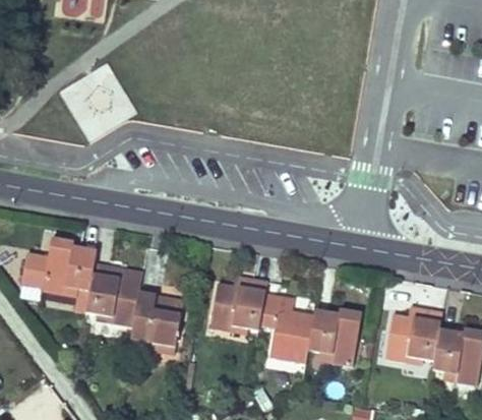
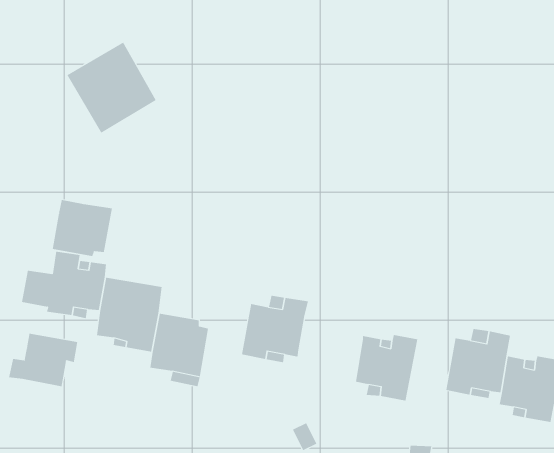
building: none -> [52,199,112,257]
building: [259,294,313,362] -> none
building: none -> [8,333,78,387]

